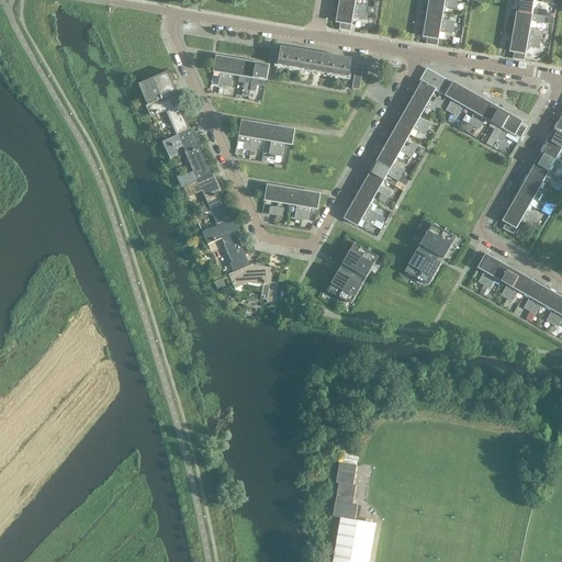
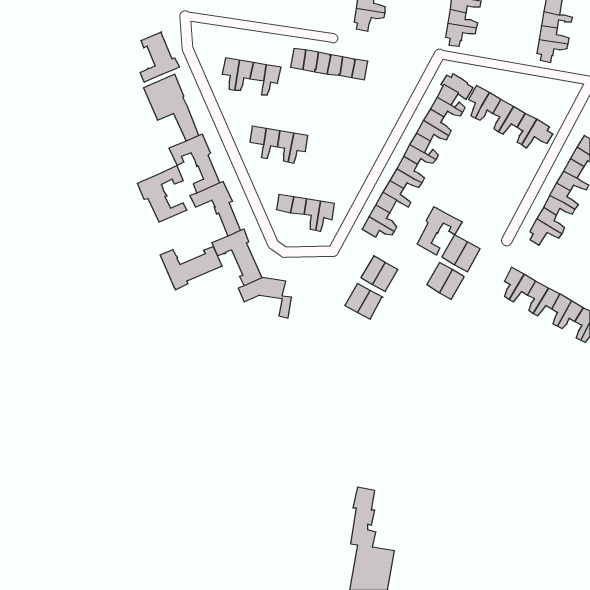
building: none -> [140,32,180,82]
building: none -> [137,165,187,222]
building: none -> [417,207,462,255]
building: none -> [160,246,222,290]

